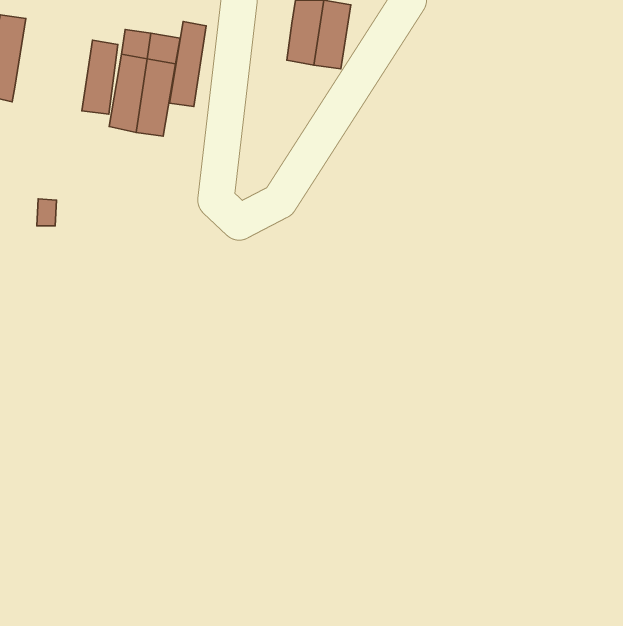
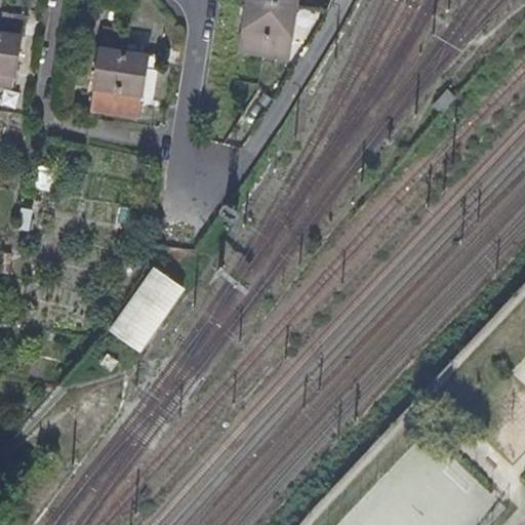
building: [169,21,206,106] -> none
building: [82,40,118,114] -> none
building: none -> [108,270,184,355]

